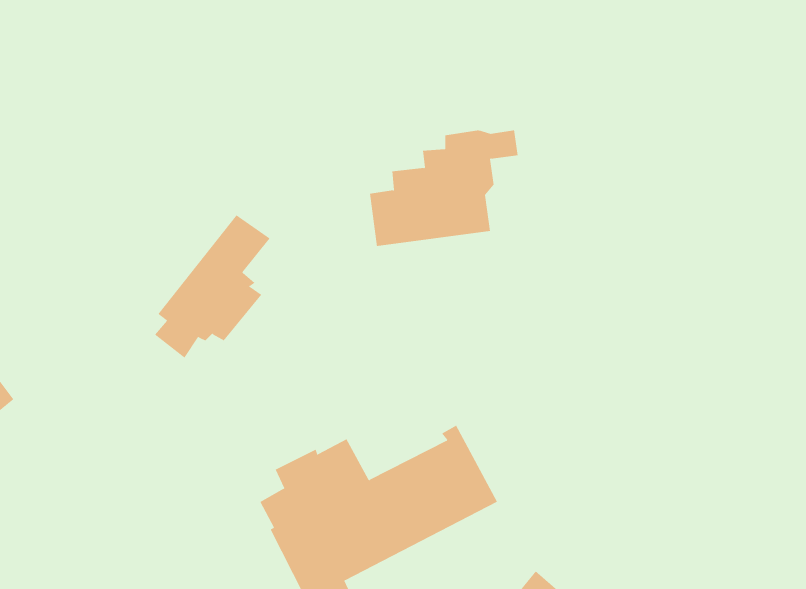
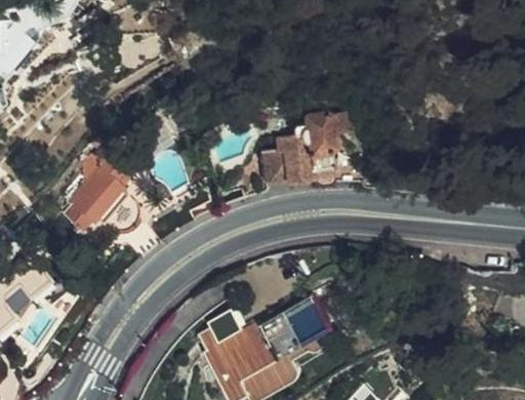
building: [154,214,271,358] -> [66,148,135,234]

